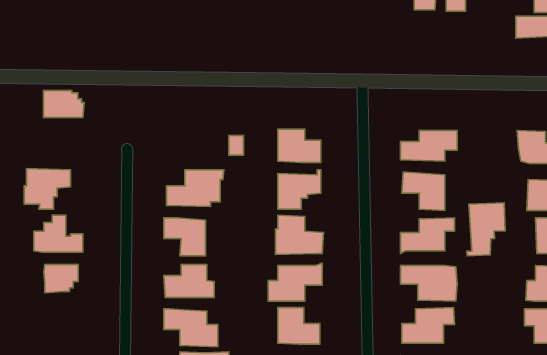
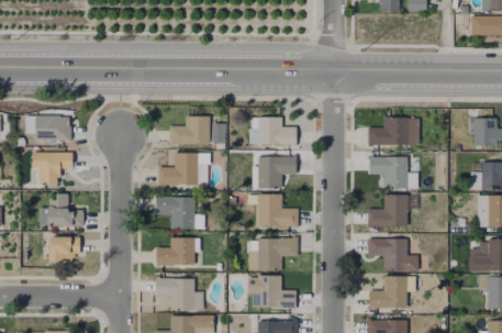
building: [44,90,84,117] -> [35,115,71,140]
building: none -> [169,115,210,146]
building: [467,203,505,256] -> none

